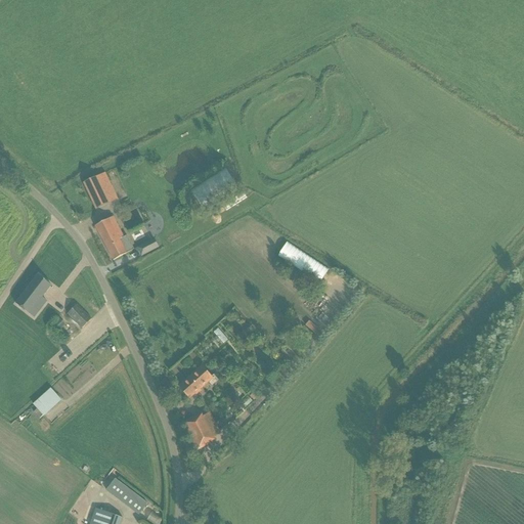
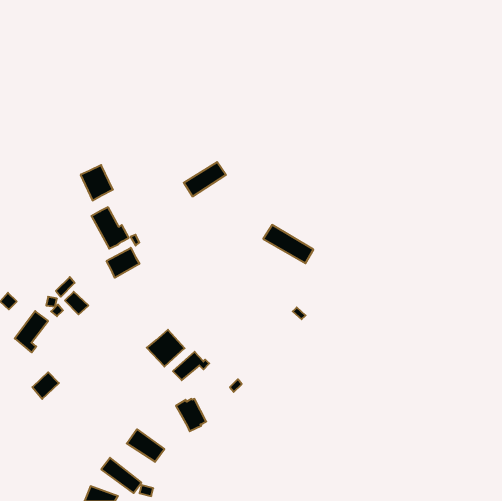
building: none -> [107,248,139,278]
building: [16,274,51,317] -> [15,311,48,352]
building: none -> [147,330,185,367]
building: none -> [127,429,164,462]

